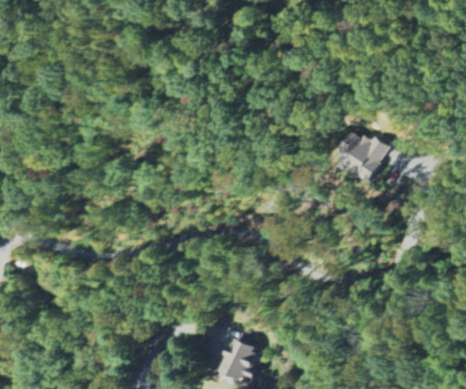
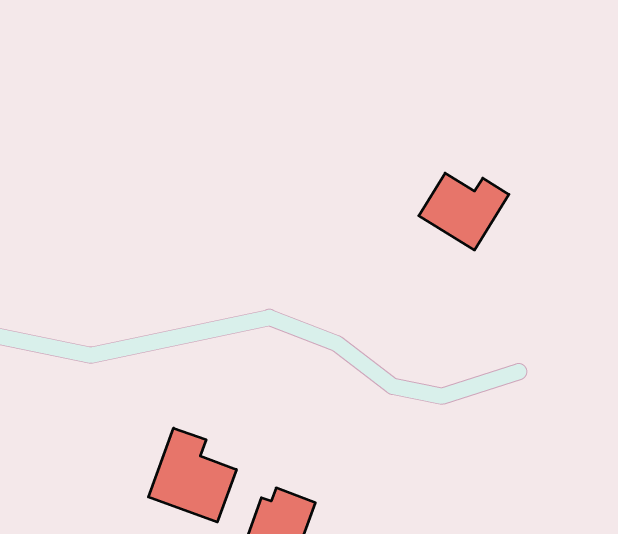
building: none -> [148,428,236,522]

